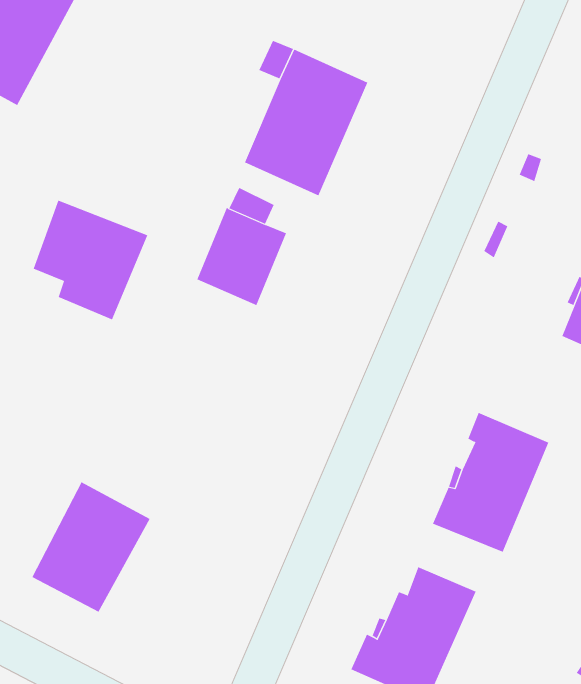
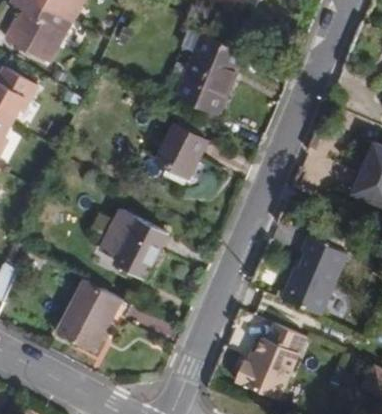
building: [33,200,148,320] -> [105,207,170,275]

